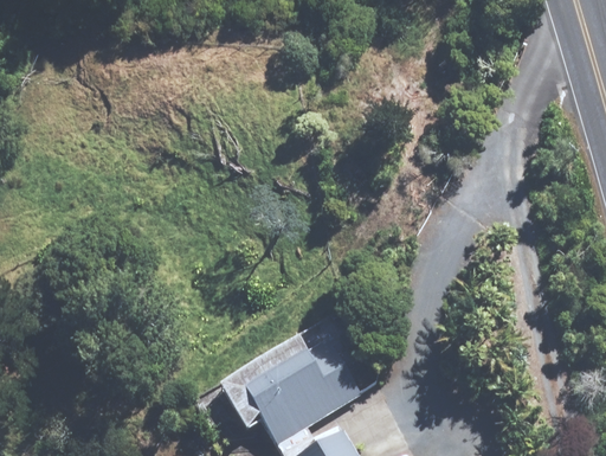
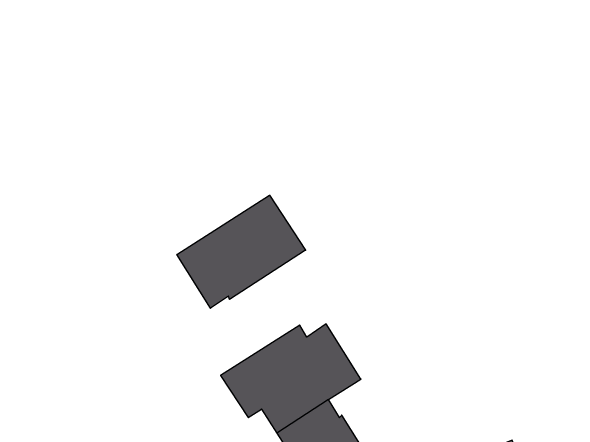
building: none -> [177,195,306,308]

